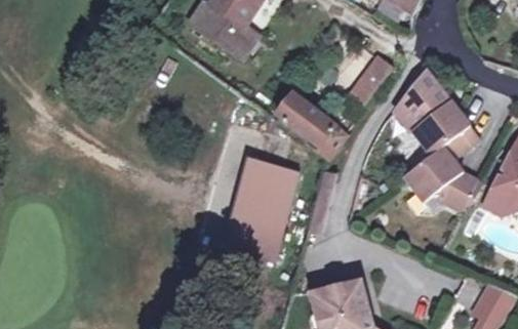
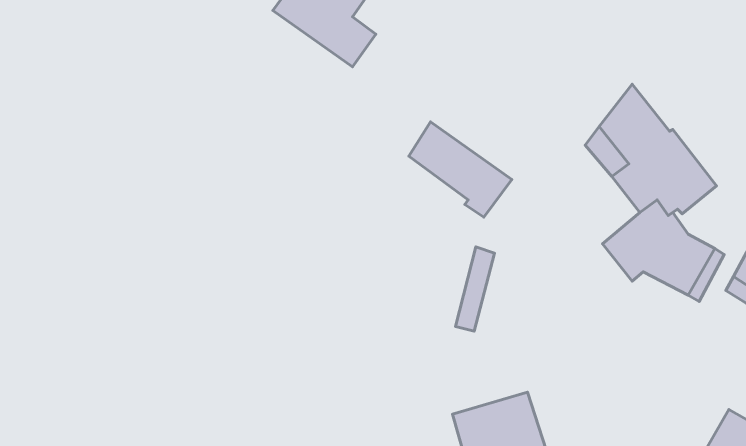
building: [350,57,394,106] -> none
building: [223,156,301,263] -> none

